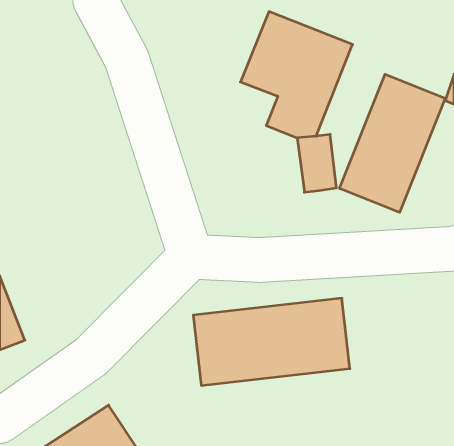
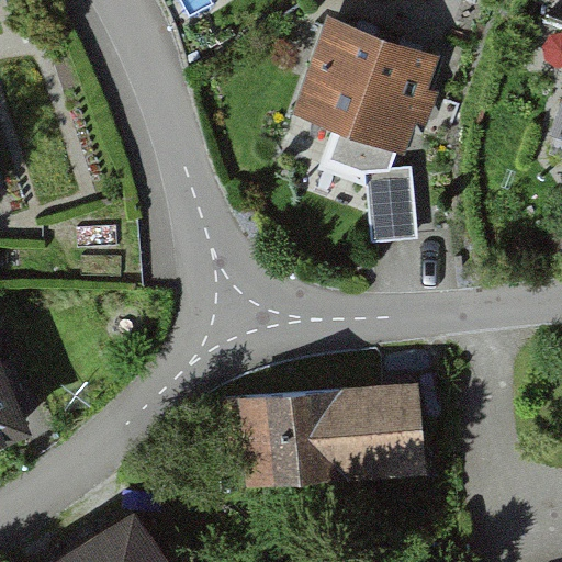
building: [340,74,445,212] -> none

